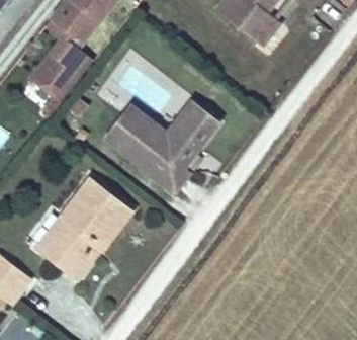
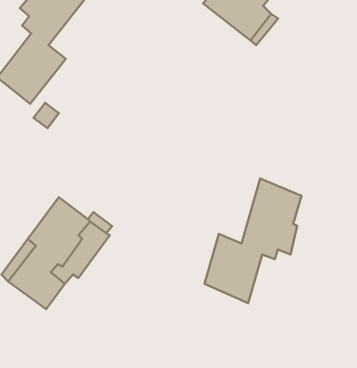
building: [106,101,217,190] -> none
building: none -> [205,178,301,303]

